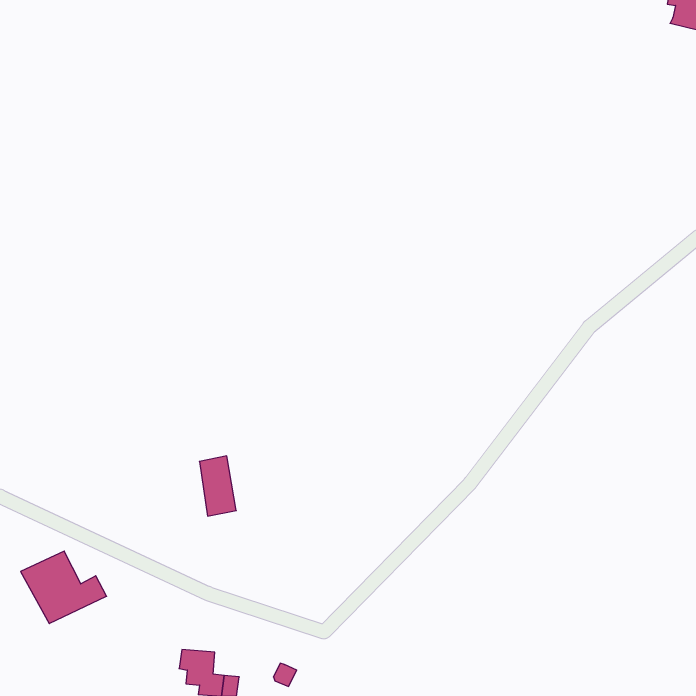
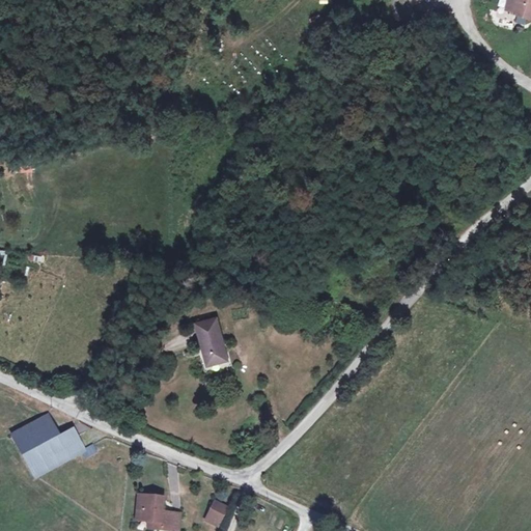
building: [199,456,236,516] -> [190,318,218,364]

